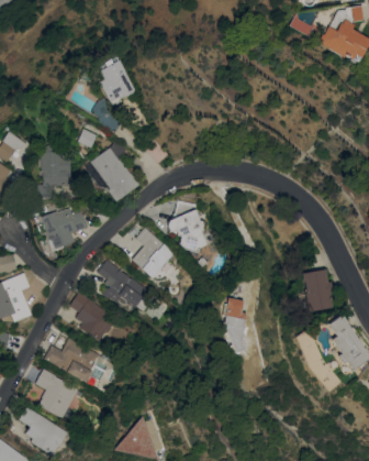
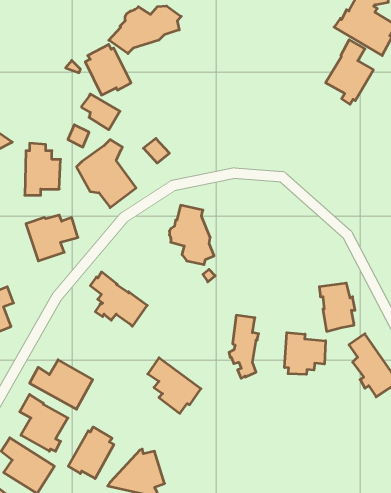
building: none -> [109,6,181,54]
building: none -> [326,40,373,104]
building: [132,227,175,278] -> none
building: [69,292,116,341] -> [148,358,201,413]
building: none -> [285,333,326,374]
building: none -> [68,427,114,479]

